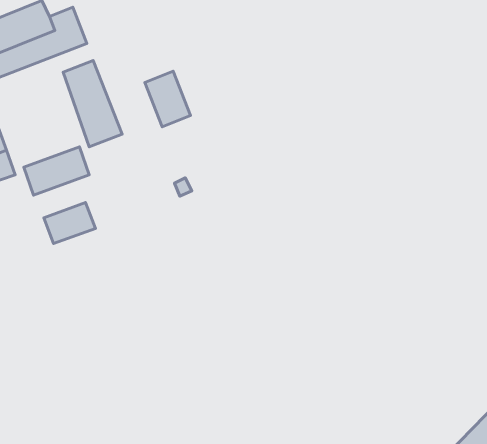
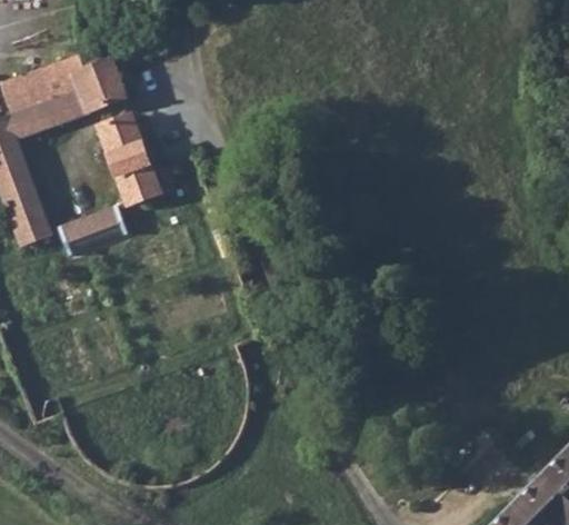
building: [145,71,190,127] -> none
building: [44,202,95,244] -> none

